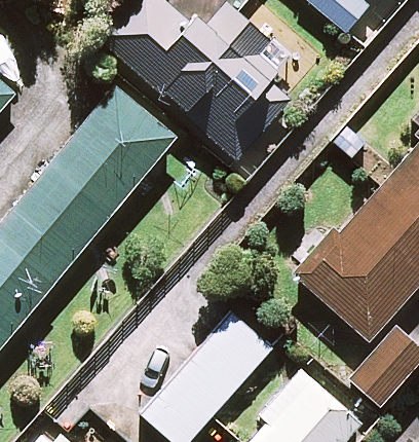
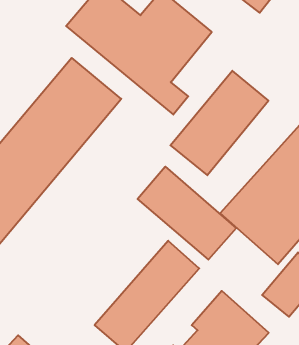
building: none -> [170,71,268,175]
building: none -> [138,167,236,260]

